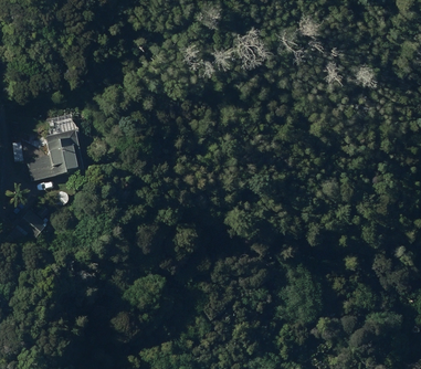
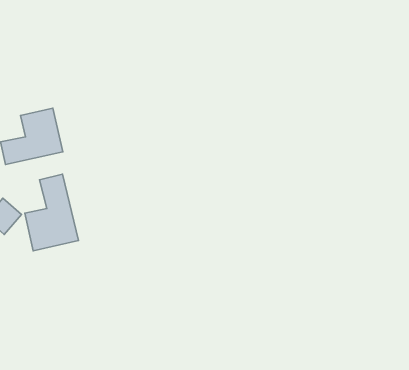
building: none -> [25,174,78,251]

